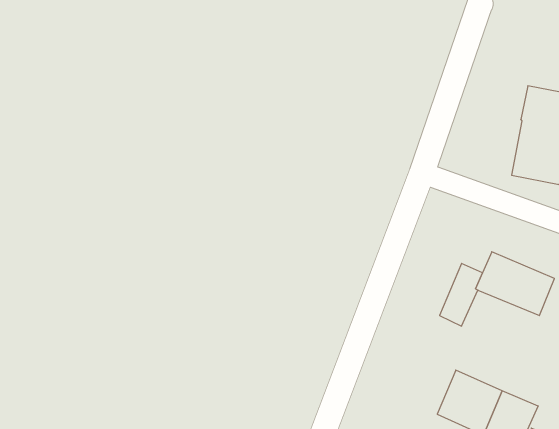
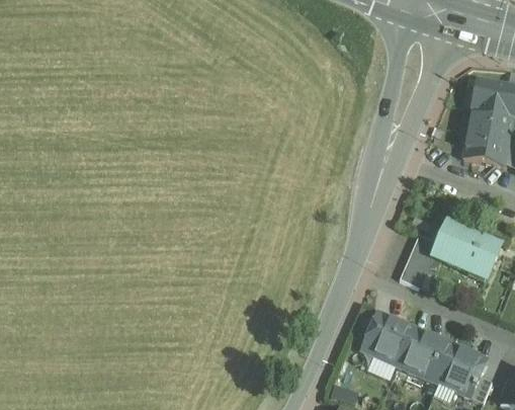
building: none -> [361,312,414,365]

